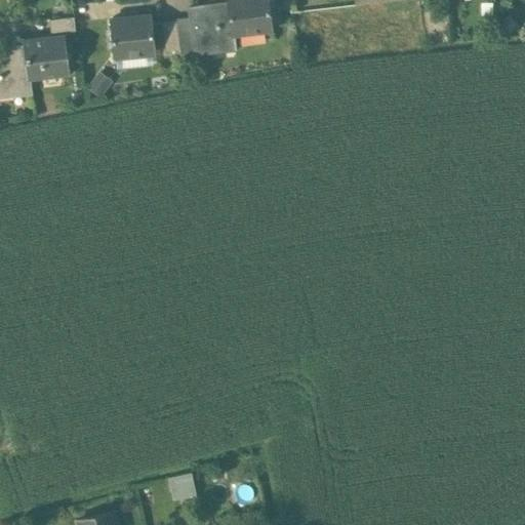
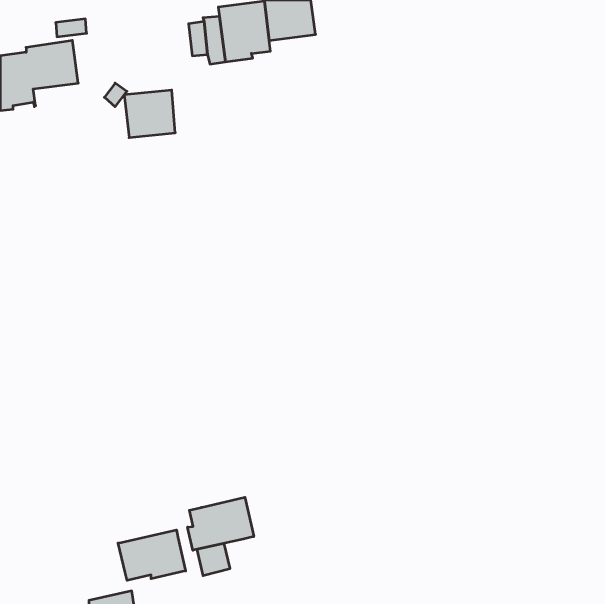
building: [112,17,156,58] -> [124,90,175,138]
building: none -> [188,497,254,550]
building: none -> [118,530,186,580]

